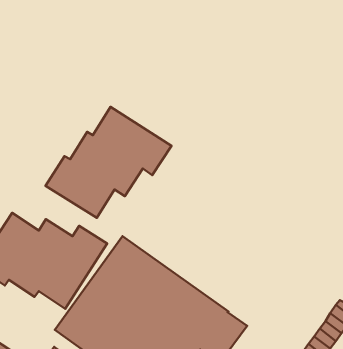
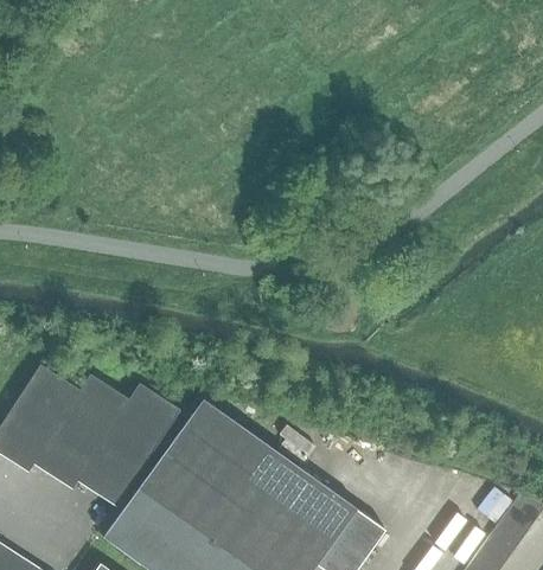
building: [46,107,171,218] -> none

